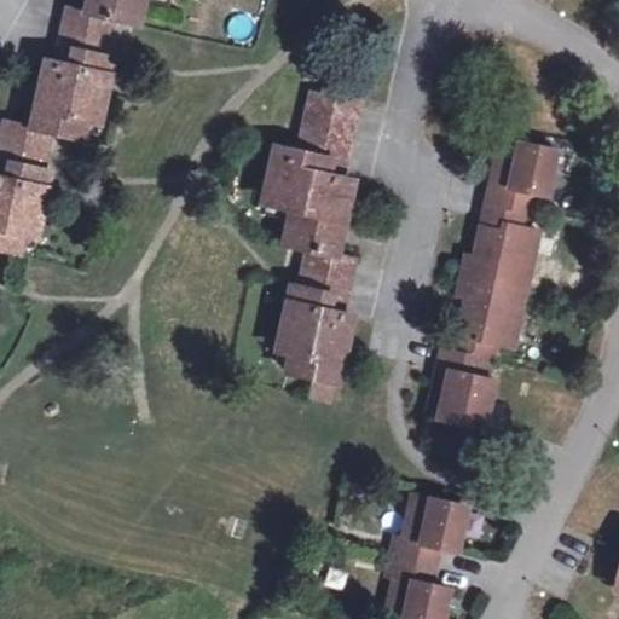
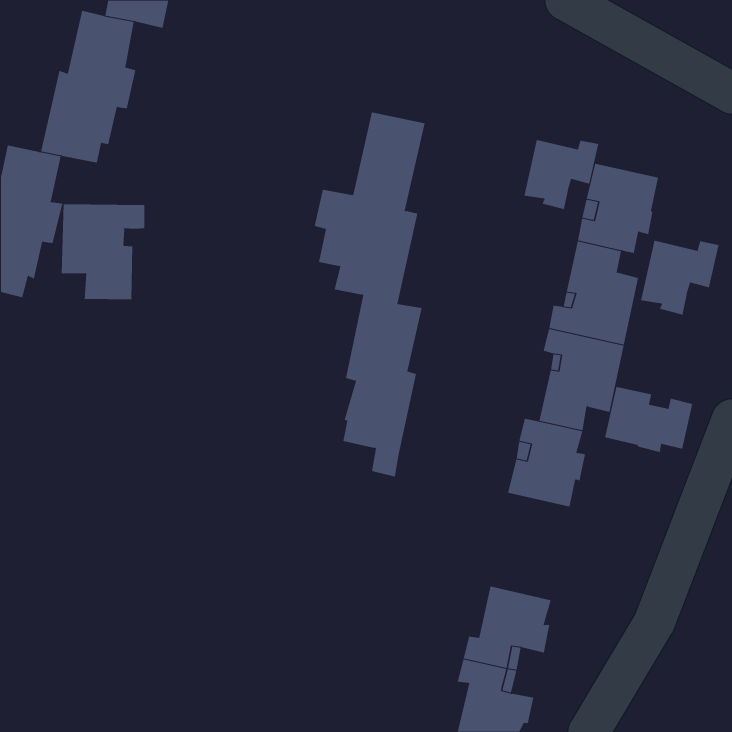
building: none -> [524,139,599,210]
building: none -> [61,203,145,300]
building: none -> [640,240,719,315]
building: none -> [604,386,693,453]

